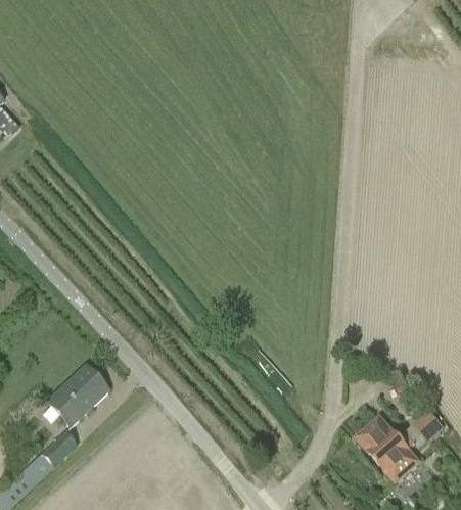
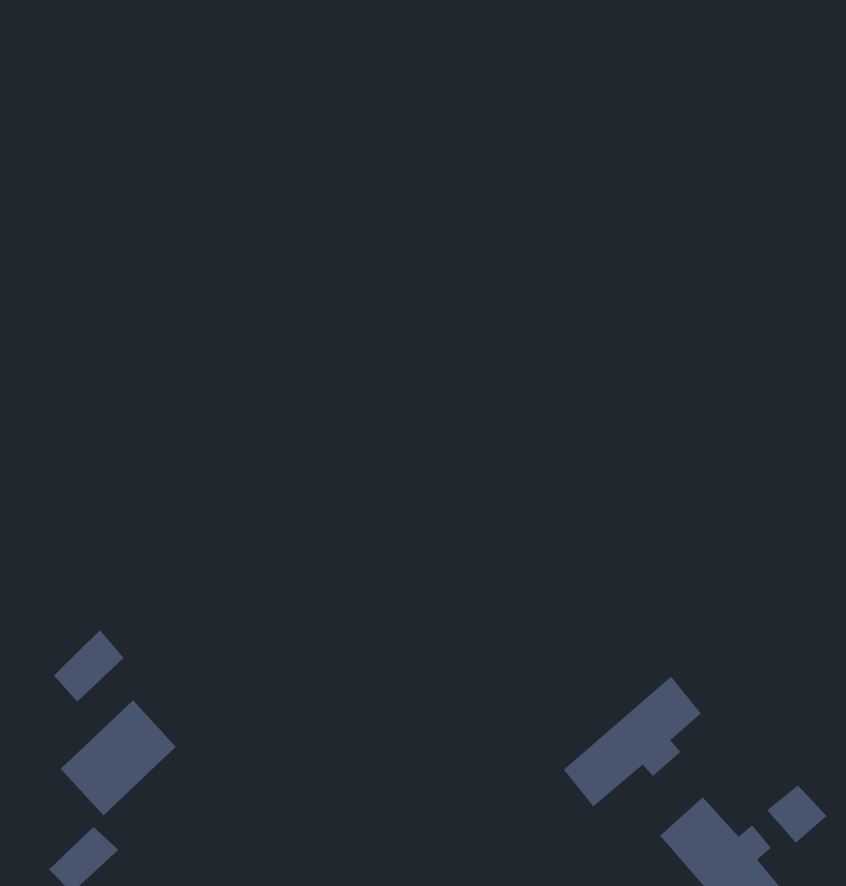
building: none -> [53,629,124,702]
building: none -> [563,675,702,808]

